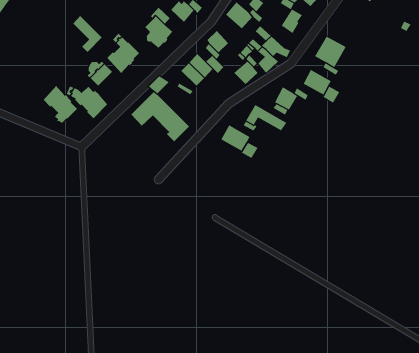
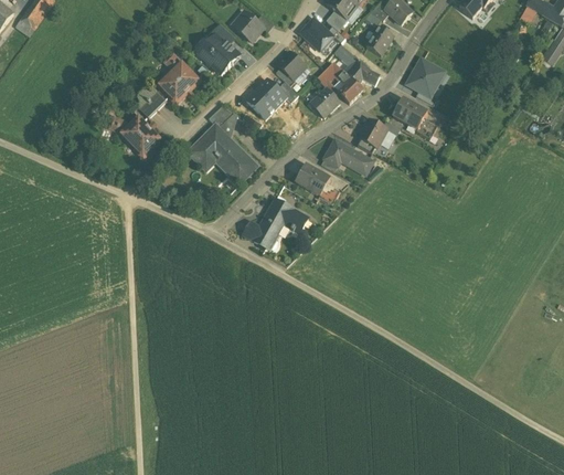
building: [73,15,103,53] -> none
building: [43,85,78,124] -> none
building: none -> [243,198,308,249]

